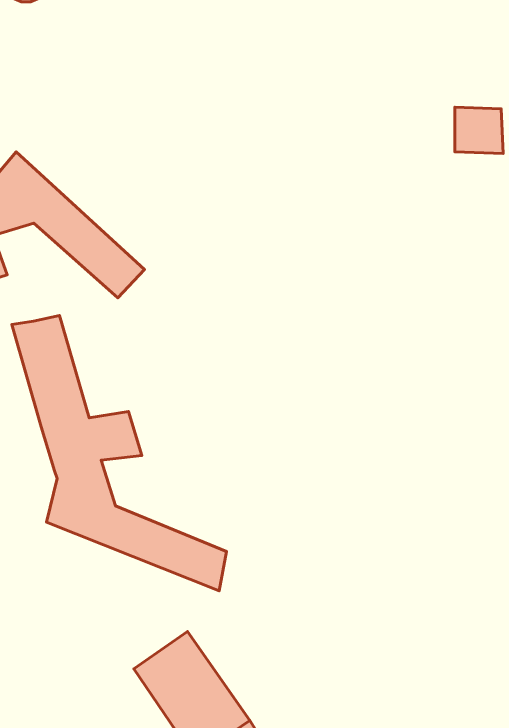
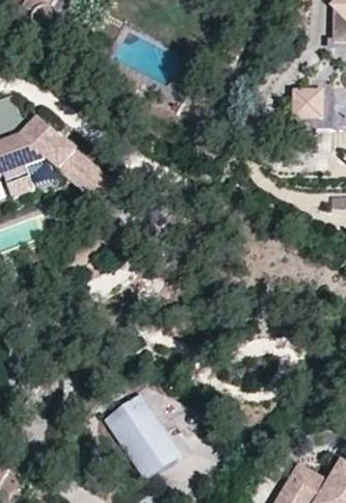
building: [12,316,227,591] -> none

